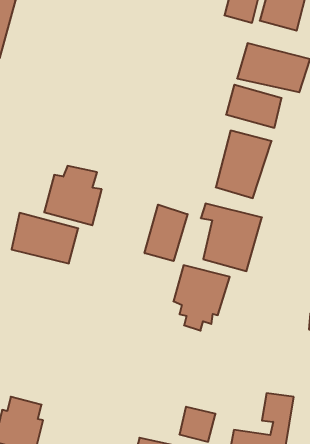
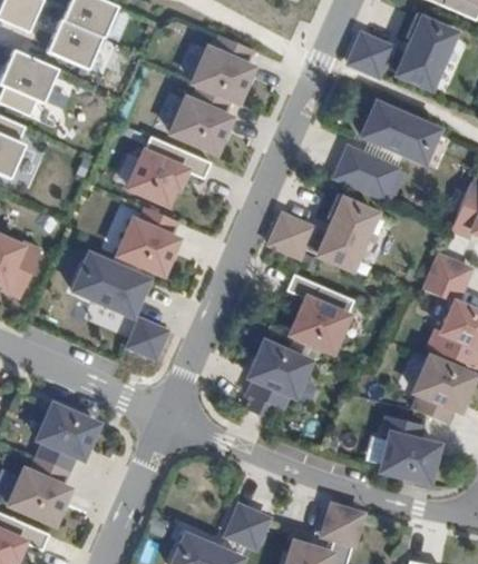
building: none -> [165,34,254,157]
building: none -> [120,137,211,209]
building: none -> [271,212,315,260]
building: [145,205,188,261] -> none
building: none -> [128,318,173,360]
building: none -> [41,406,103,472]

